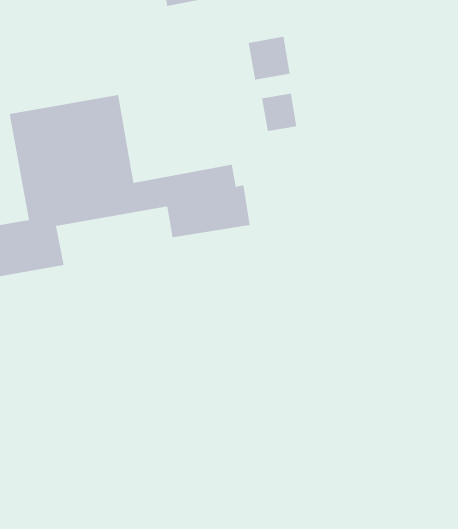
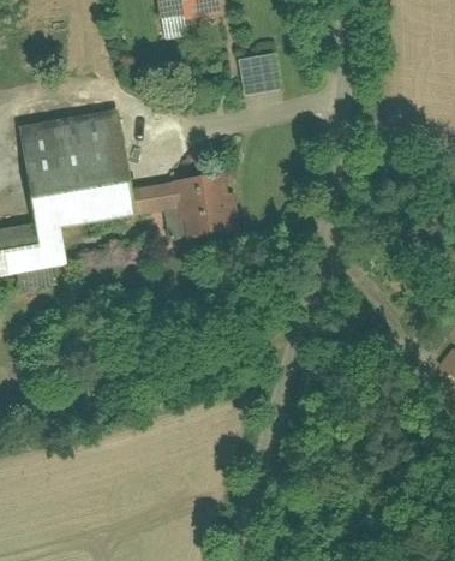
building: [262,93,297,132] -> none

